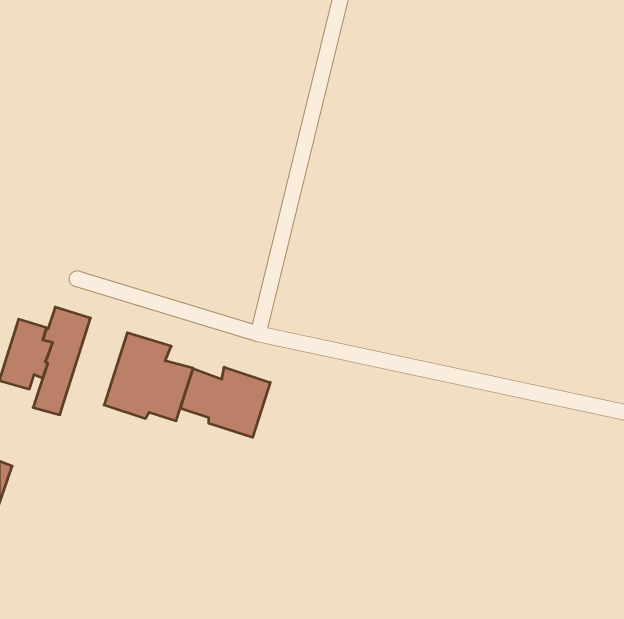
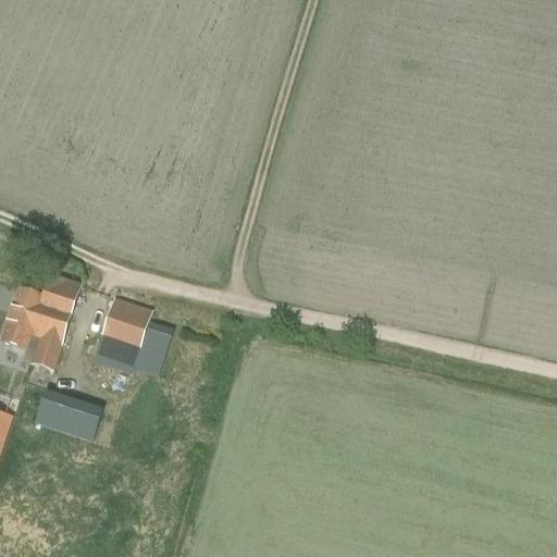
building: [180,367,270,437] -> none
building: none -> [34,388,101,441]

